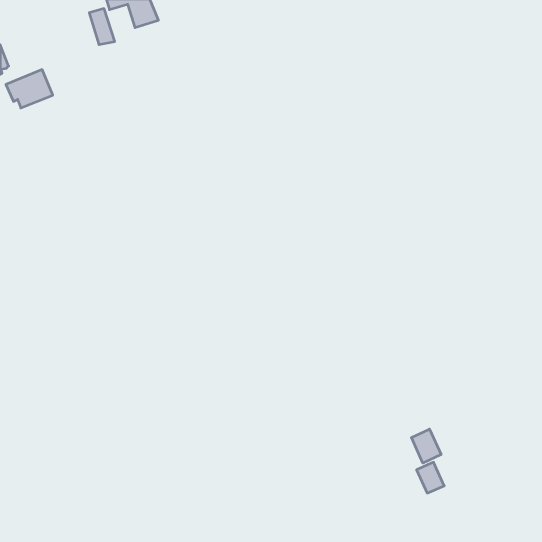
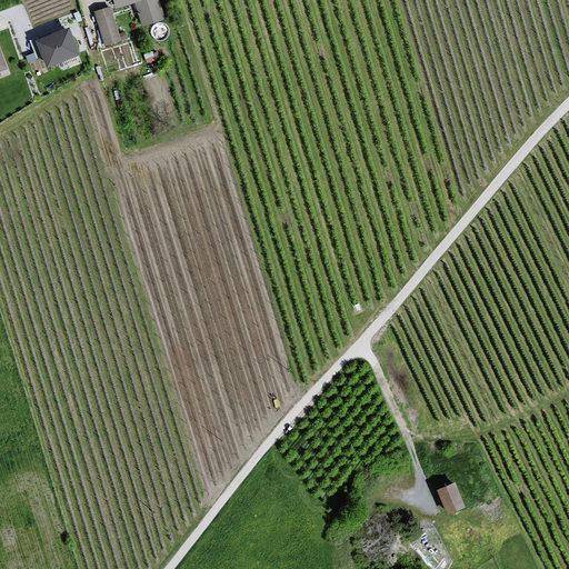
building: [6,70,53,108] -> [31,23,80,63]
building: [411,429,441,463] -> none

